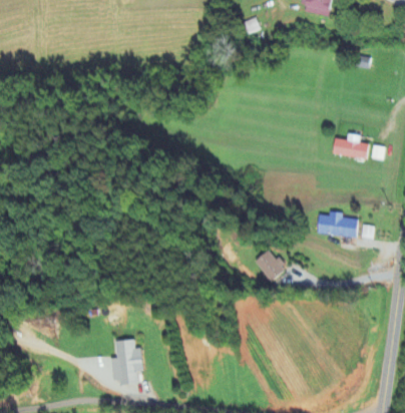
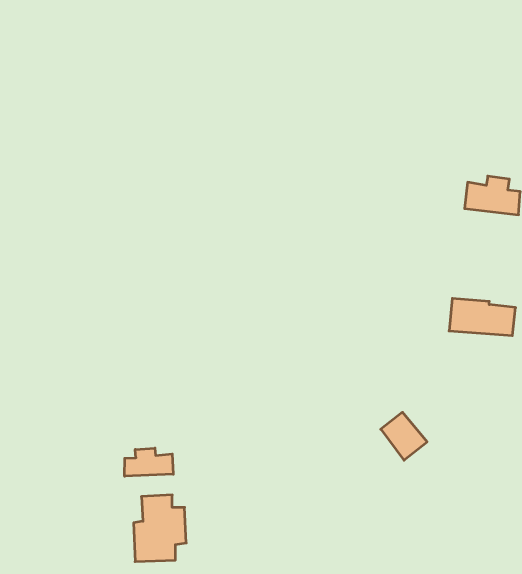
building: [259,251,289,282] -> [381,412,427,460]
building: none -> [125,448,173,476]

